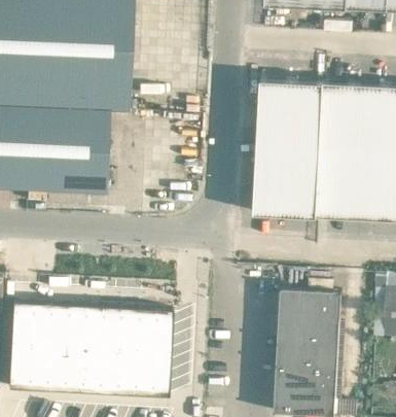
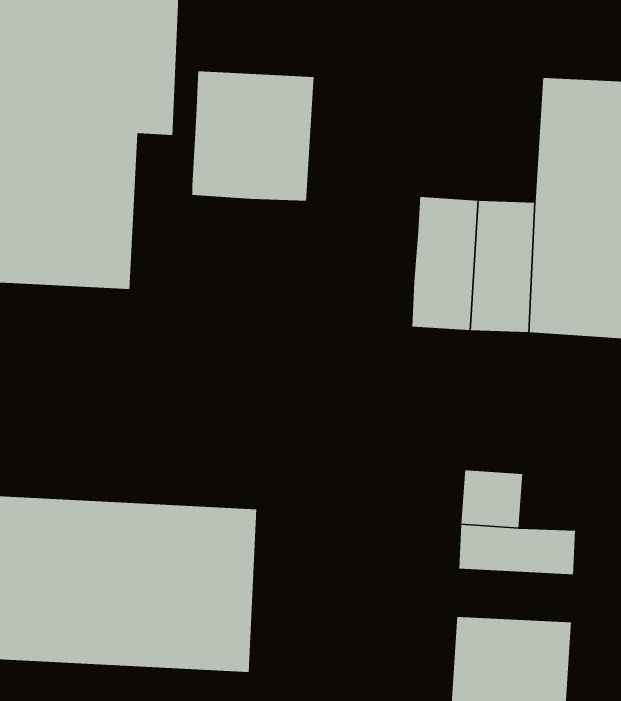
building: [256,78,321,147] -> [192,71,315,201]
building: [309,290,339,320] -> none
building: [276,341,337,369] -> none

